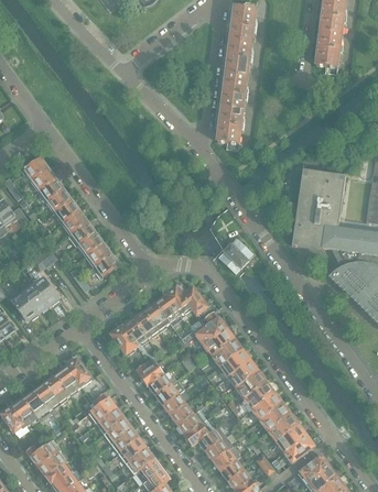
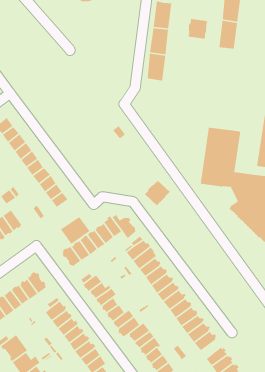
building: none -> [188,18,208,39]
building: [217,107,242,144] -> none
building: none -> [60,216,91,245]

